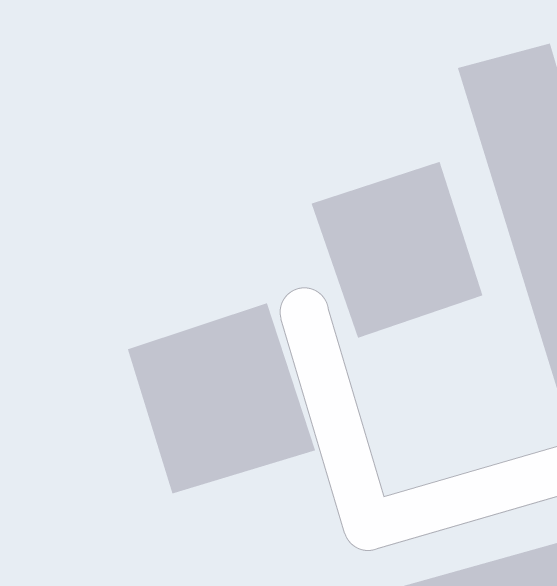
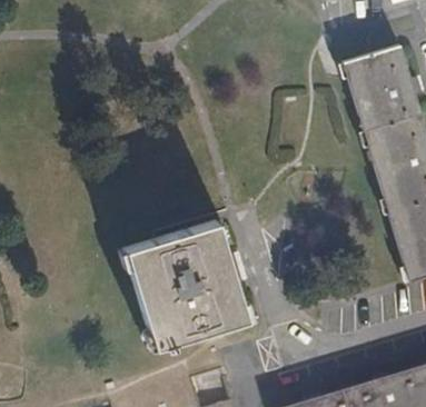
building: [310,161,483,339] -> none

